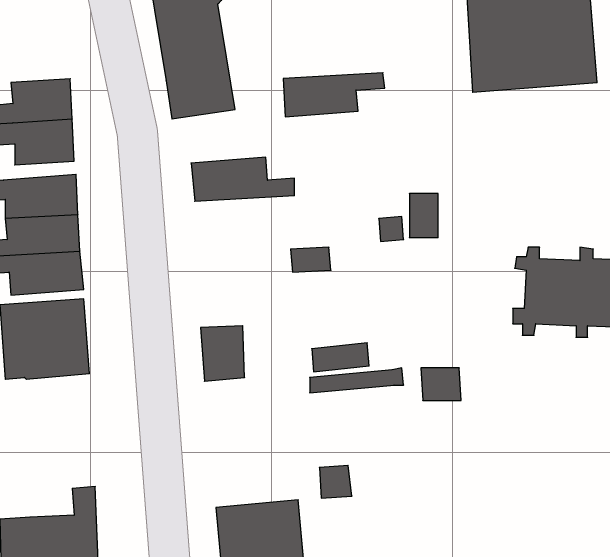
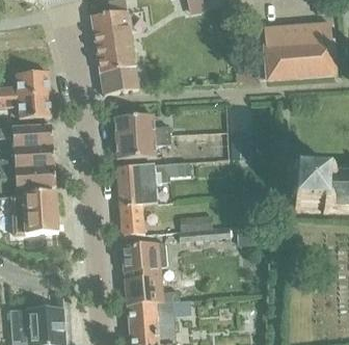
building: [283,73,385,117] -> [115,135,170,159]
building: none -> [116,165,156,207]
building: none -> [122,242,178,304]

